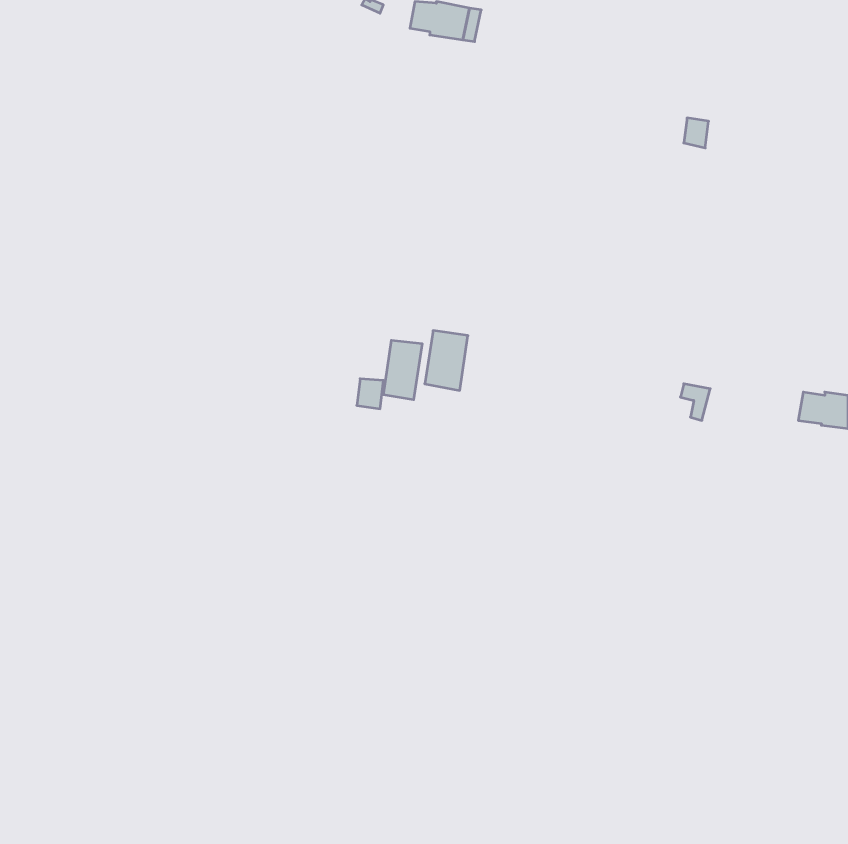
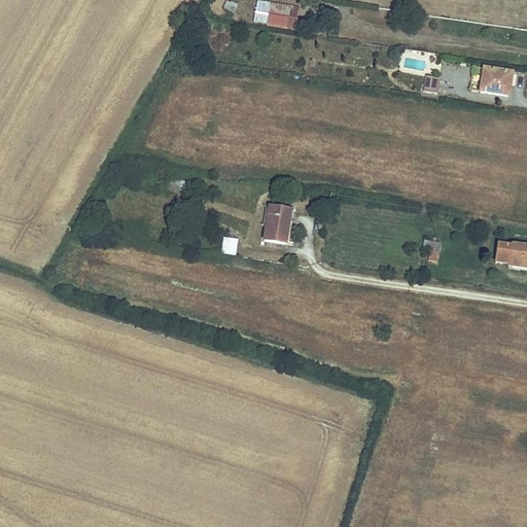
building: none -> [480,66,512,94]
building: [383,340,422,400] -> none

